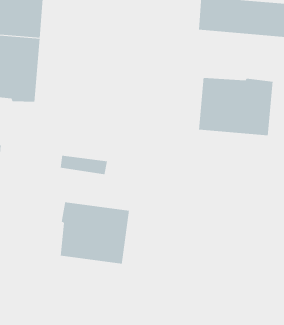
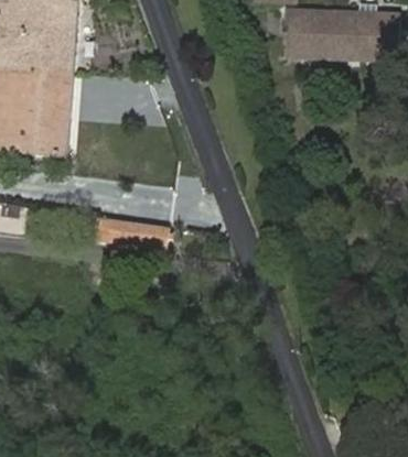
building: [199,77,273,136] -> none
building: [60,201,130,264] -> none

